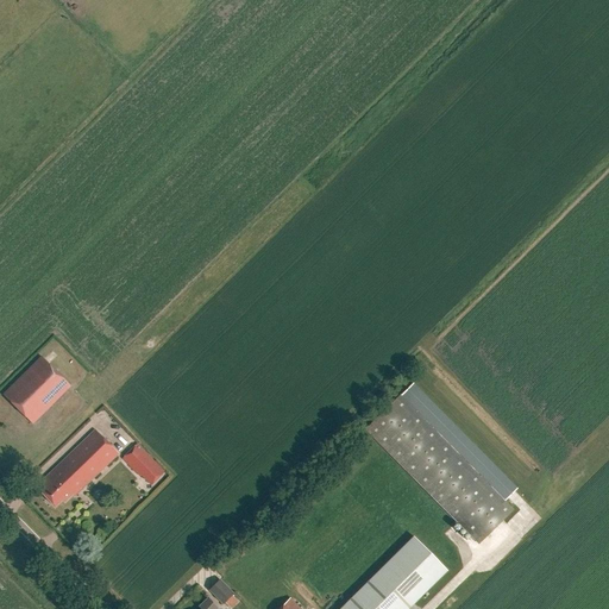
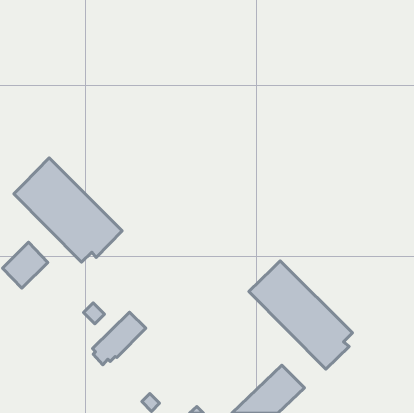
building: none -> [14,158,122,262]
building: [39,429,118,507] -> [92,312,146,365]

